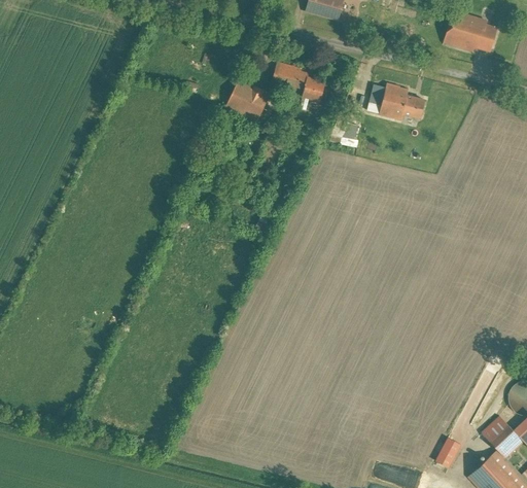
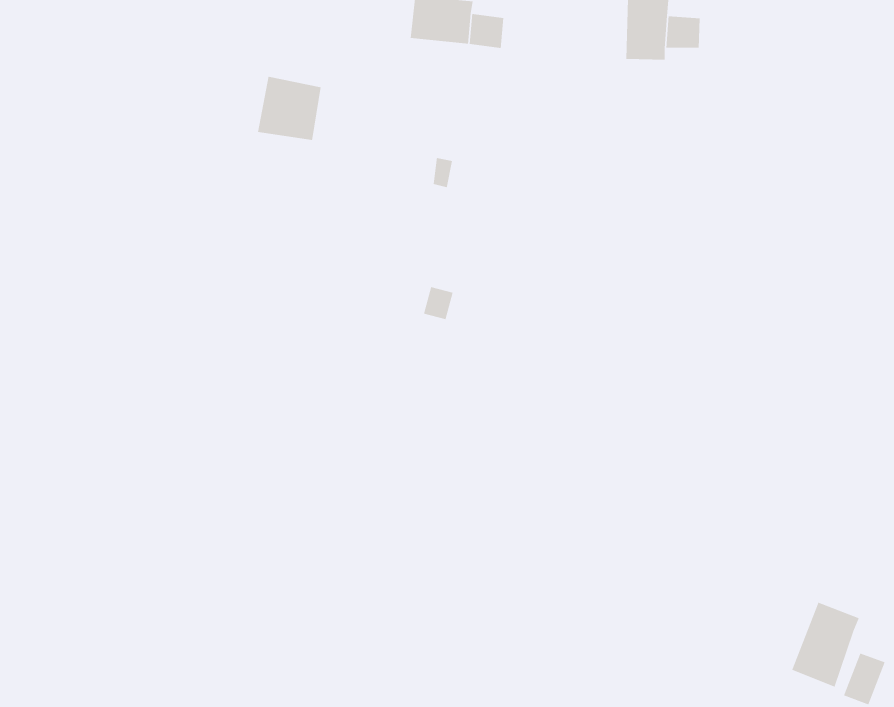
building: [230,80,267,117] -> [257,76,322,141]
building: none -> [792,602,860,687]

